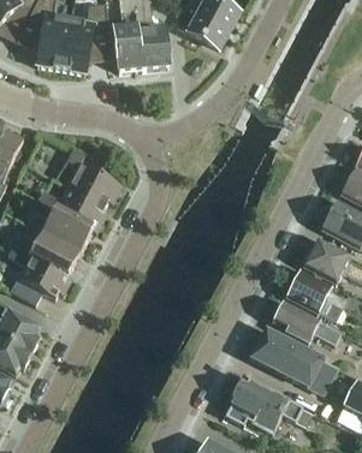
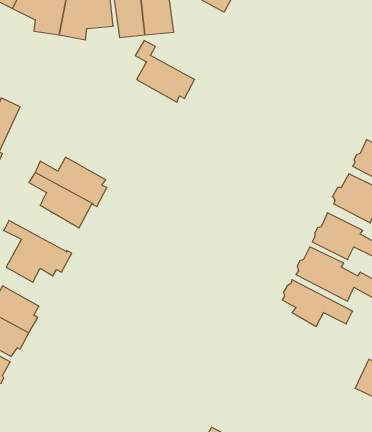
building: [65,148,121,207] -> [135,40,195,102]
building: [12,231,79,275] -> none
building: [251,329,338,393] -> none
building: [226,377,302,431] -> none

